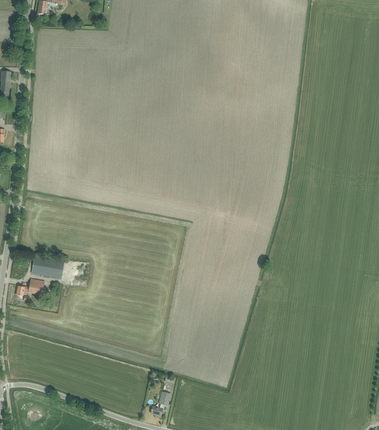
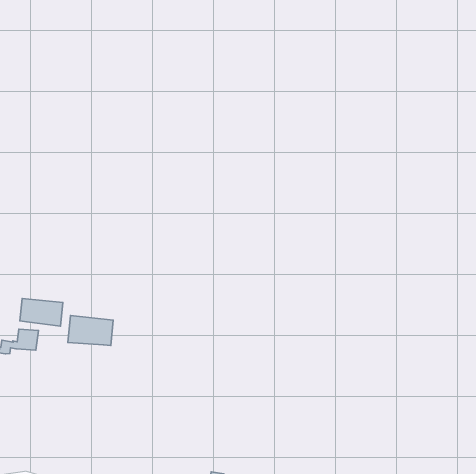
building: none -> [68,316,113,345]

